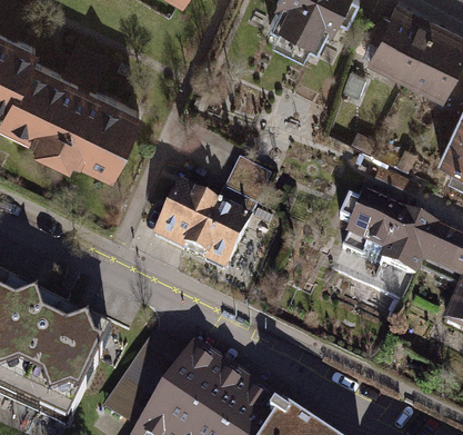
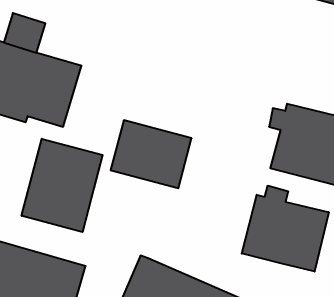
building: [221,158,272,216] -> none
building: none -> [22,139,103,232]
building: none -> [242,186,329,272]

